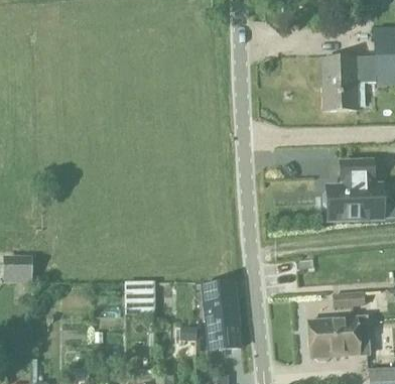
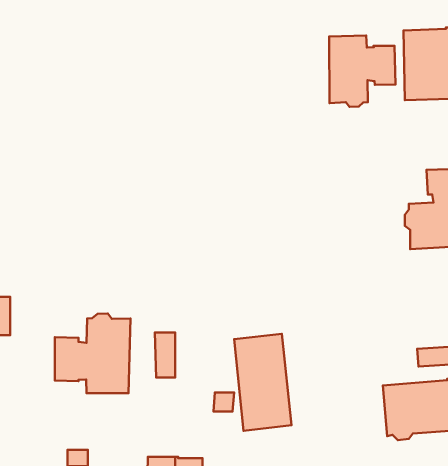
building: none -> [329,35,396,107]
building: none -> [55,314,130,393]

